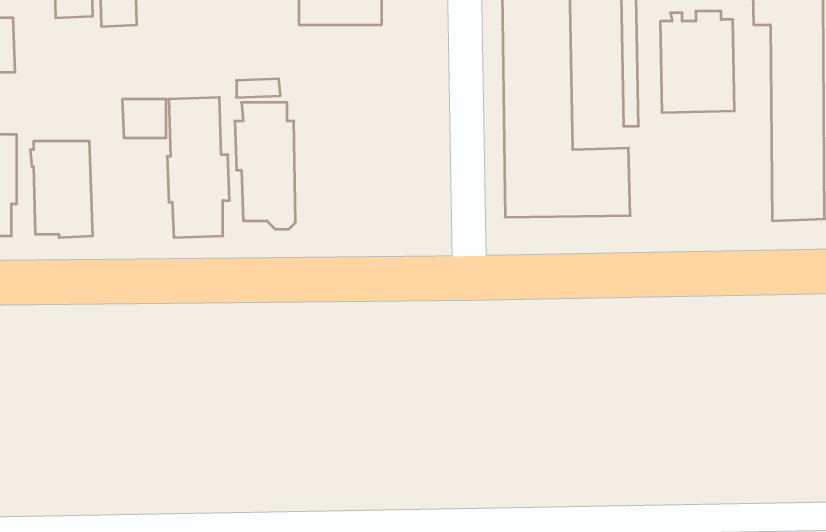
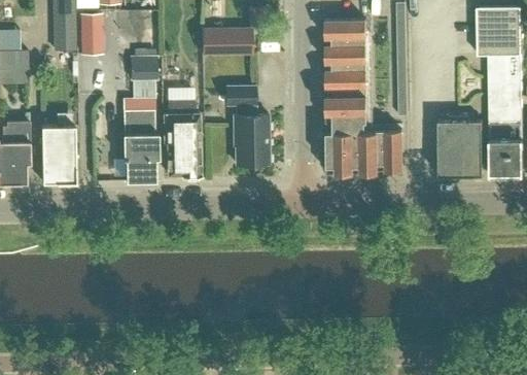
building: [660,11,735,113] -> [438,113,484,175]
building: none -> [226,83,269,164]
building: [122,99,166,138] -> [131,56,157,79]

